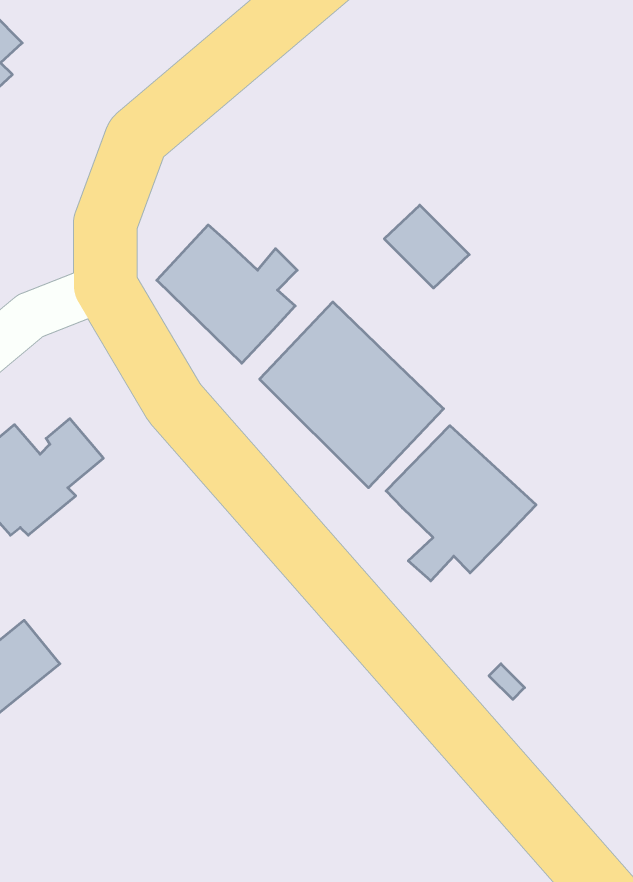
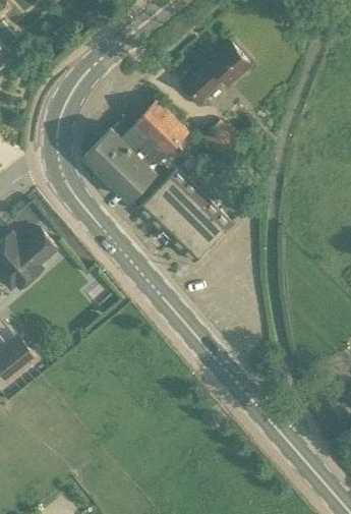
building: none -> [184,42,250,101]
building: none -> [120,101,198,162]
building: [386,426,536,581] -> none

